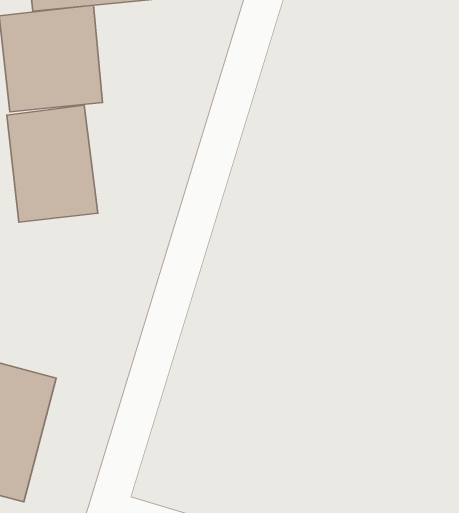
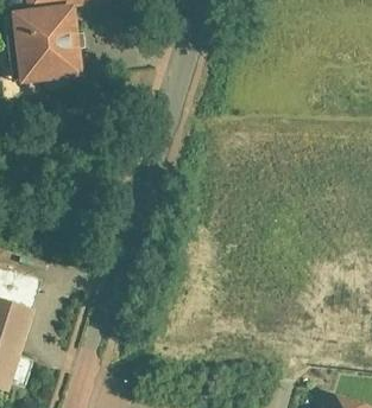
building: [7,105,98,222] -> none

